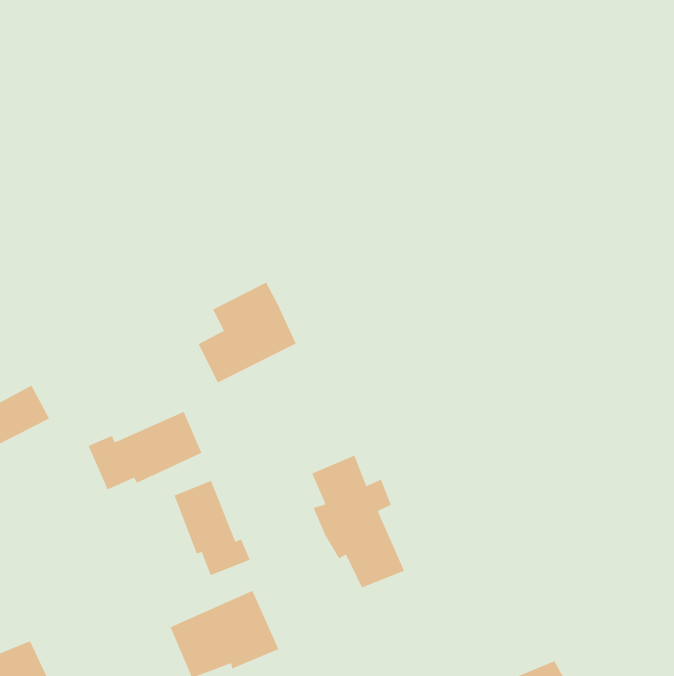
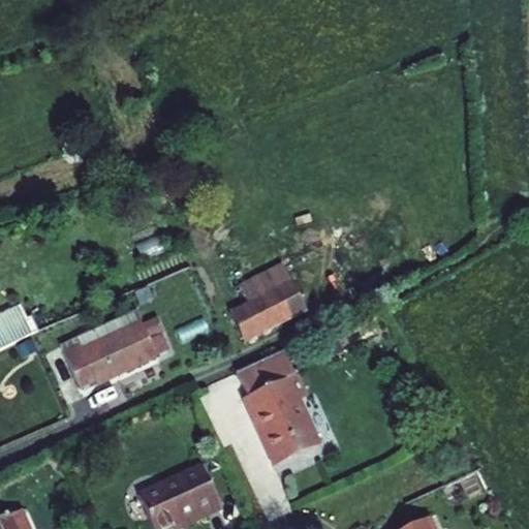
building: [198,281,297,384] -> [226,264,304,344]
building: [173,480,251,576] -> none

